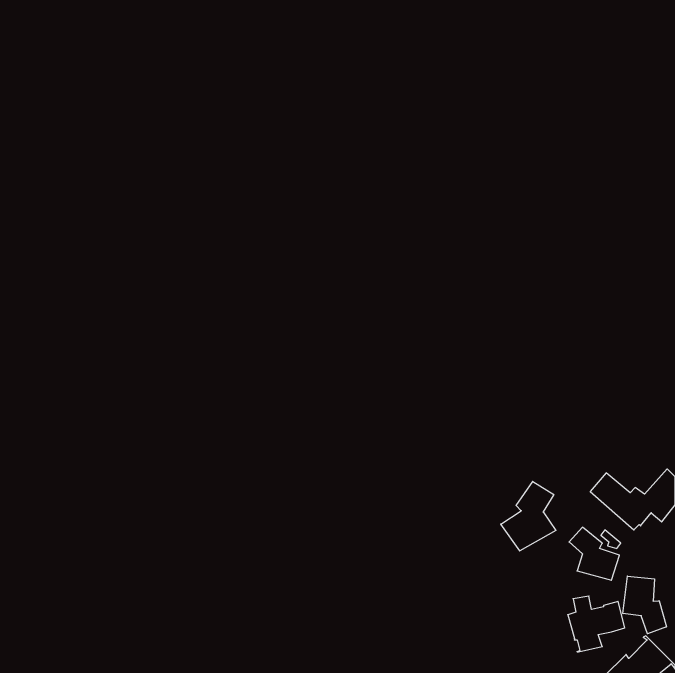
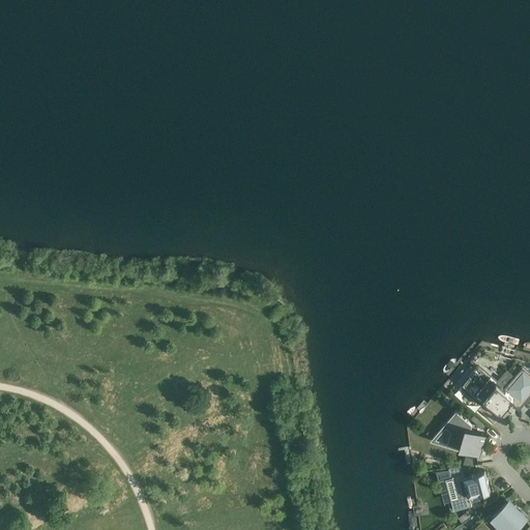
building: [501,481,556,551] -> none
building: [623,576,666,634] -> none

